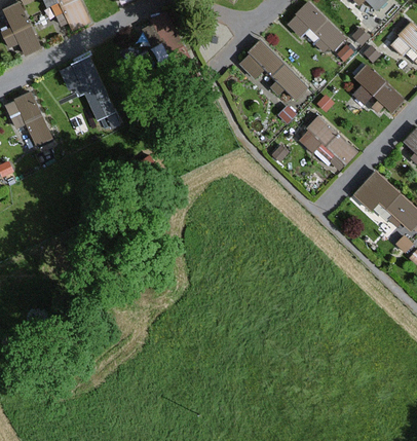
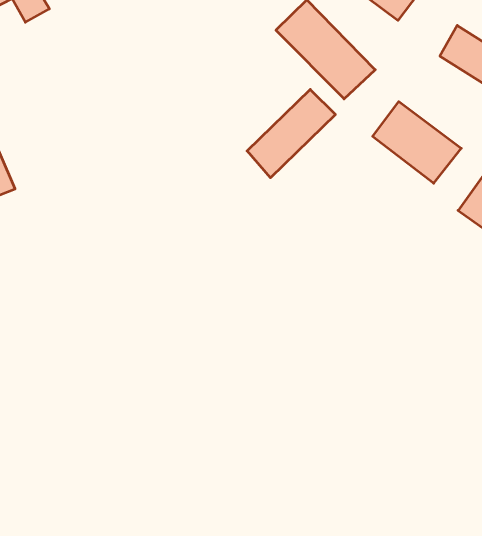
building: [60,57,111,118] -> none
building: none -> [247,89,335,178]

